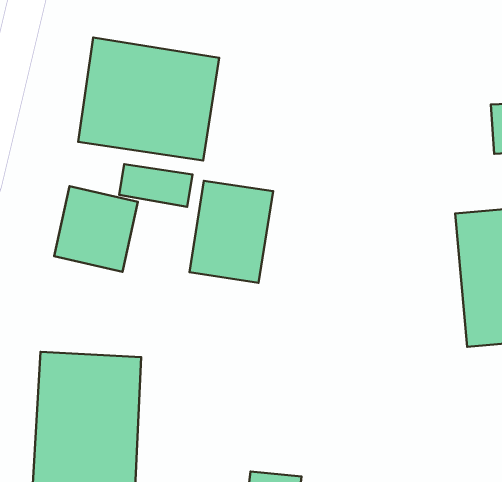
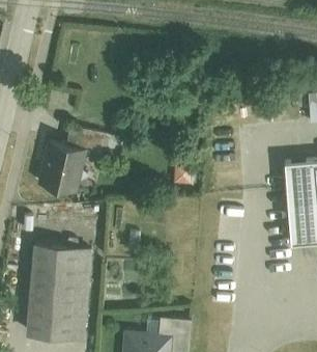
building: [78,37,219,160] -> none
building: [190,181,273,283] -> none

